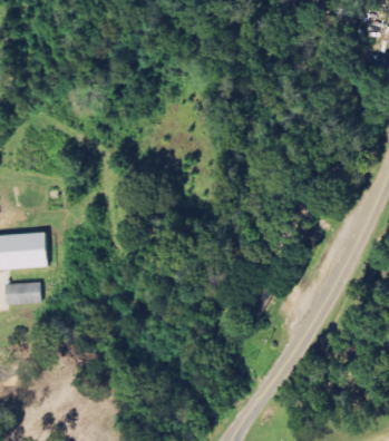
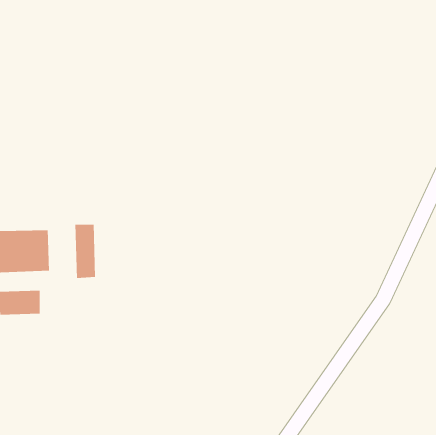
building: none -> [74,224,96,279]

